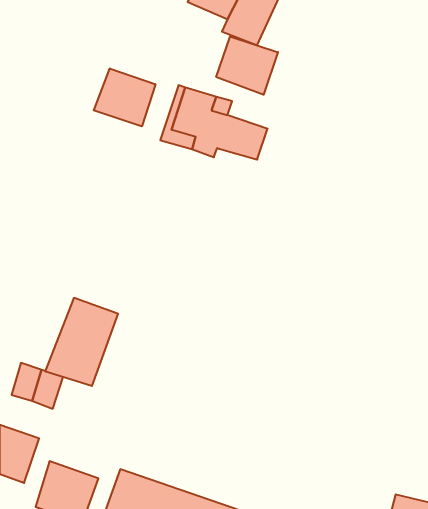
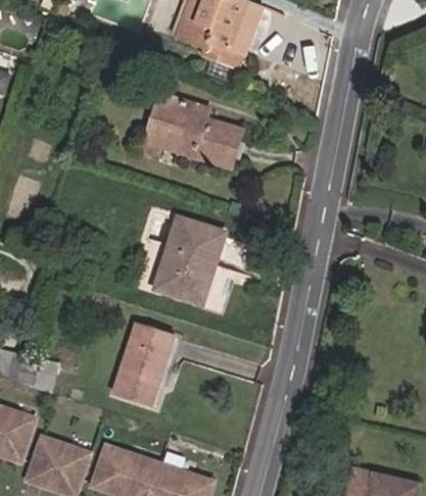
building: [216,36,278,95] -> none
building: [94,68,155,126] -> none
building: none -> [155,219,225,301]
building: [45,298,118,386] -> [109,327,175,405]

